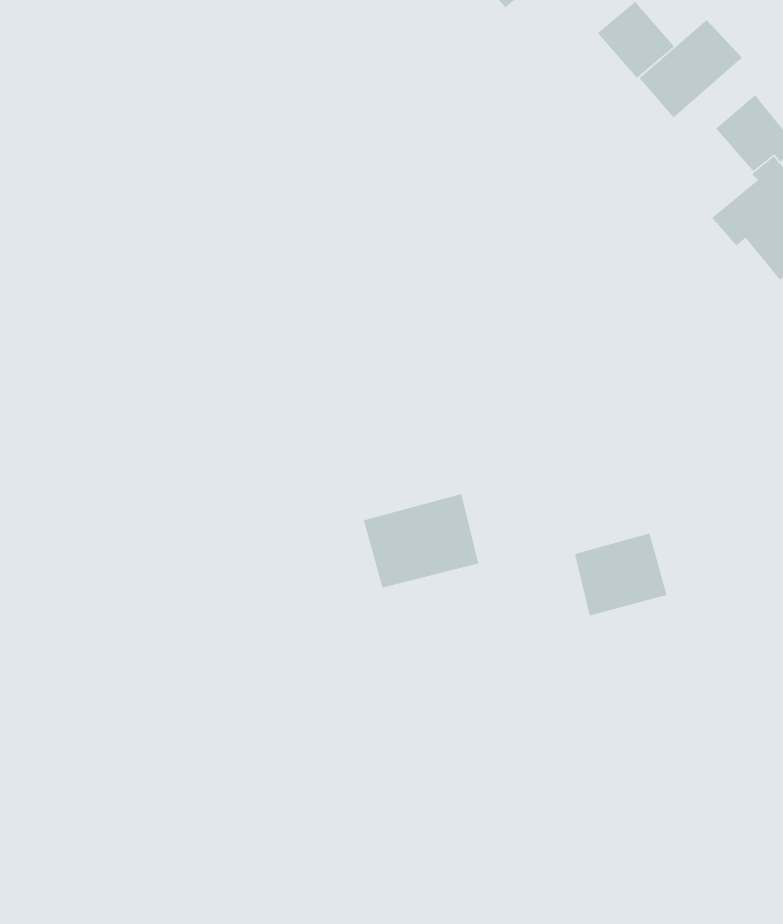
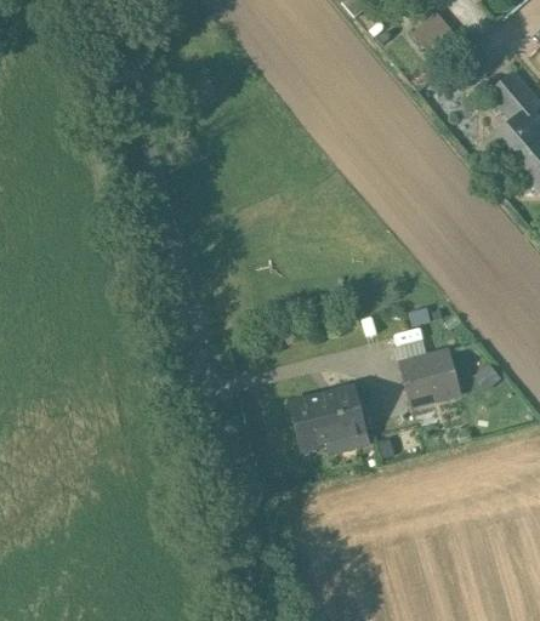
building: [638,19,743,119] -> none
building: [363,493,479,589] -> [291,386,365,446]

